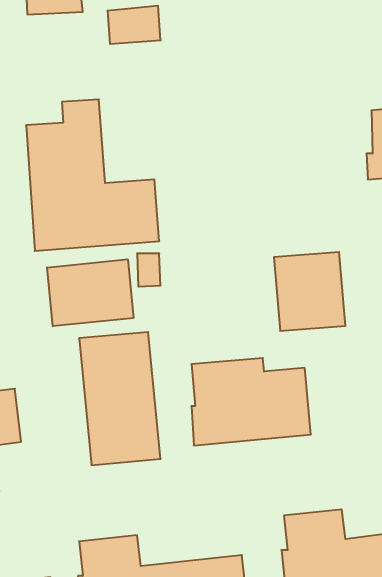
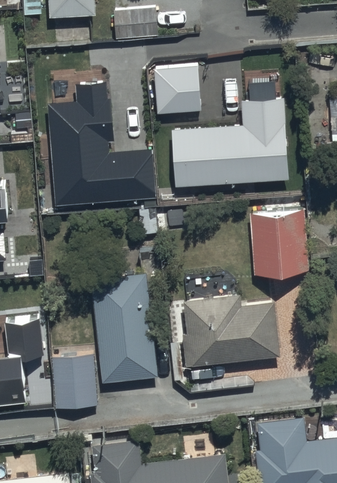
building: none -> [155,70,202,117]
building: none -> [172,101,288,187]
building: [47,259,133,326] -> none
building: none -> [51,353,97,409]

